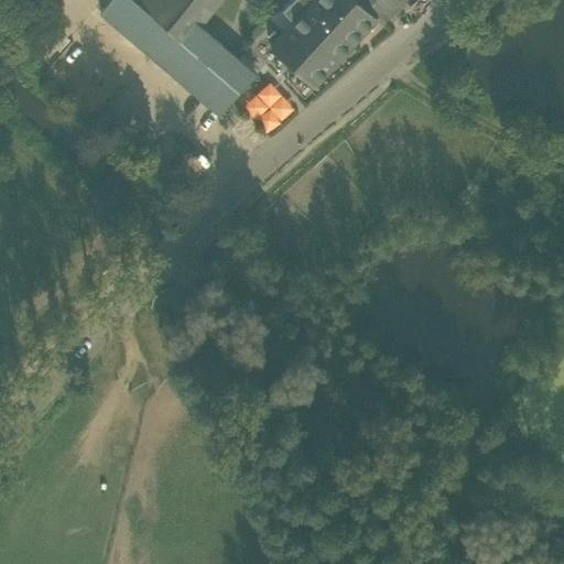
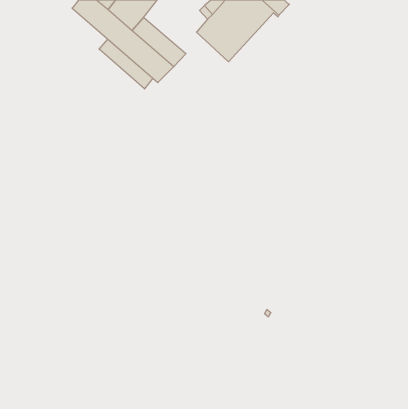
building: none -> [99,39,153,89]
building: [241,80,292,131] -> none

